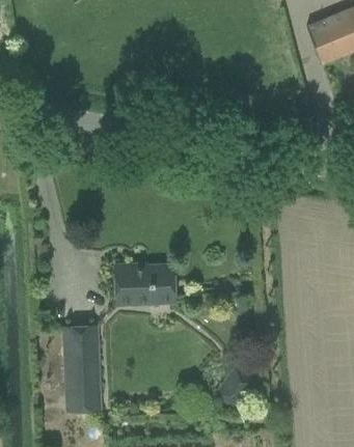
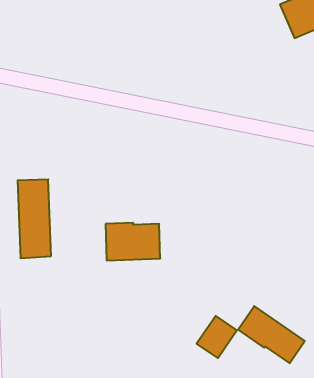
building: [63,326,100,411] -> [18,179,51,258]
building: none -> [238,306,305,363]

